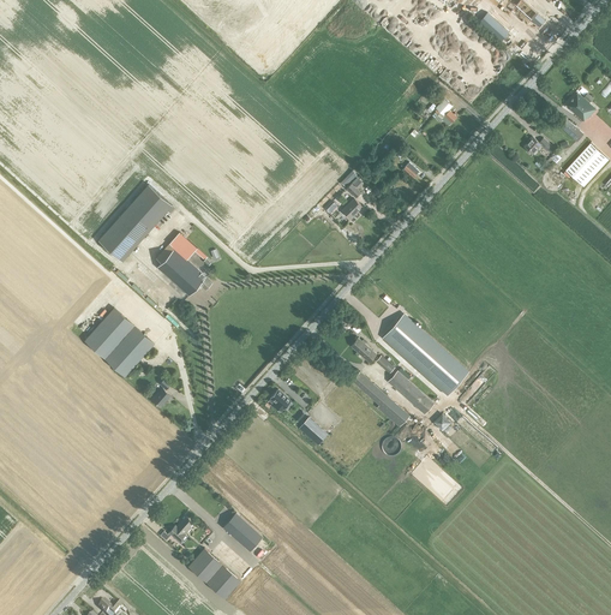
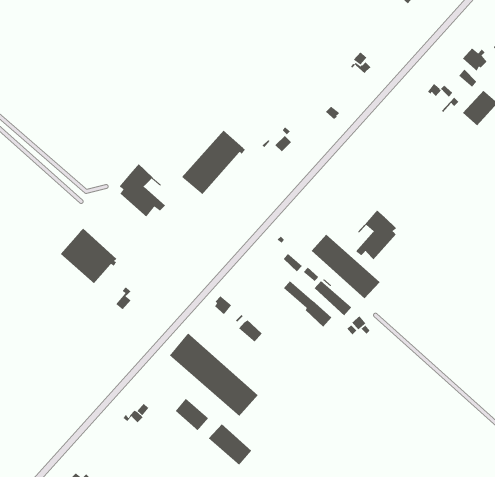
building: [97,184,174,262] -> [181,130,246,195]
building: none -> [355,210,397,260]
building: none -> [169,332,259,417]
building: [187,548,240,598] -> [208,424,252,466]

